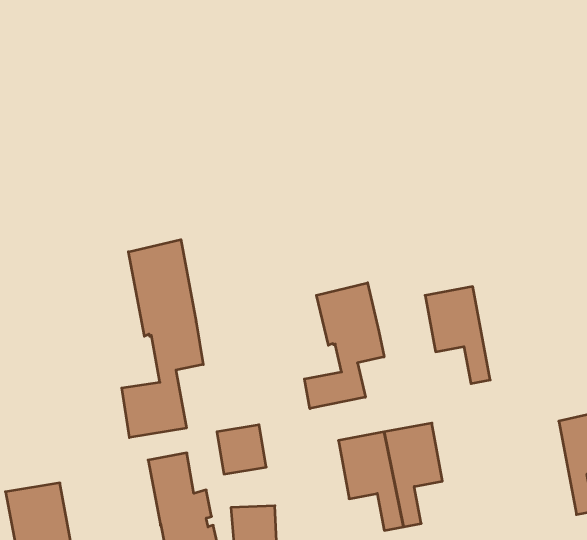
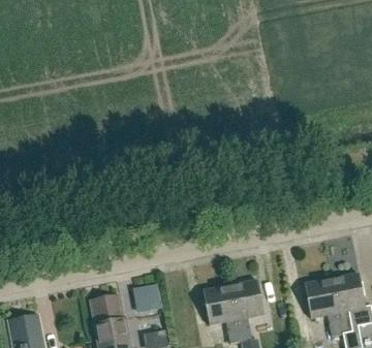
building: [122,240,203,438] -> none
building: [304,283,384,409] -> none
building: [425,287,490,384] -> [304,278,342,335]

